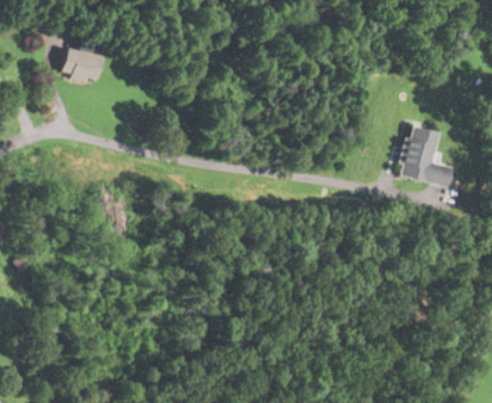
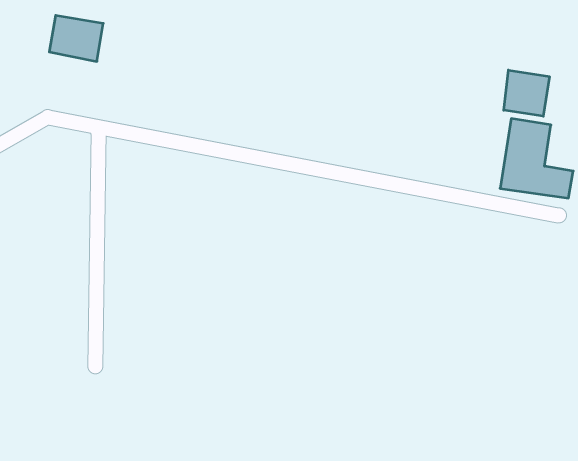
building: none -> [504,70,549,116]

